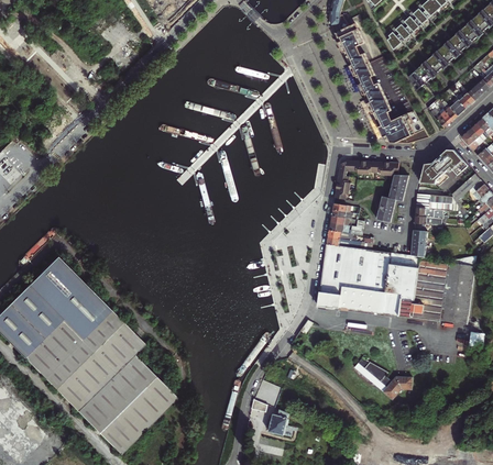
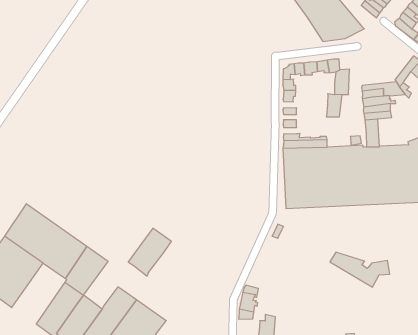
building: [419,150,467,184] -> none
building: [23,317,84,377] -> none
building: [98,326,145,374] -> [128,228,171,276]

